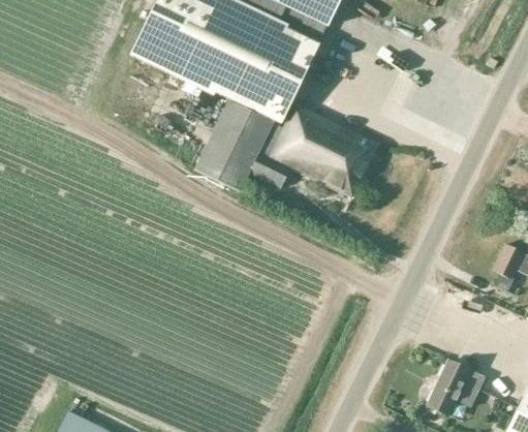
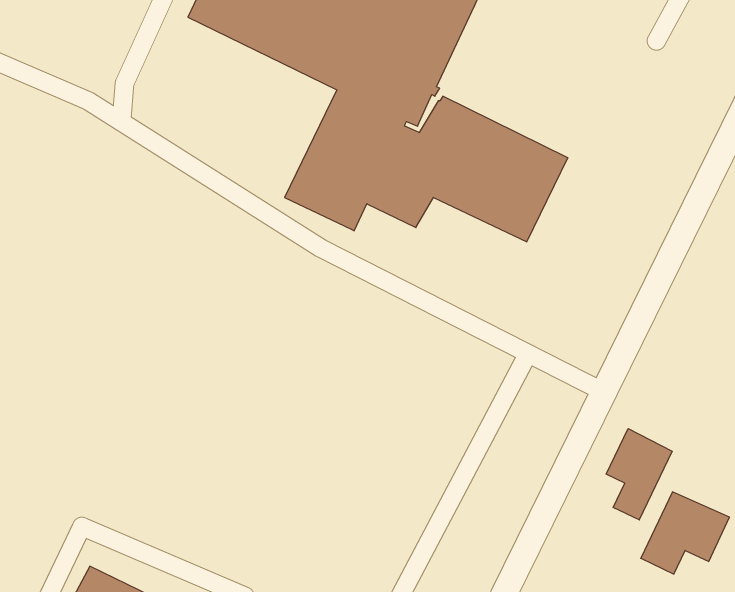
building: none -> [606,429,672,520]

